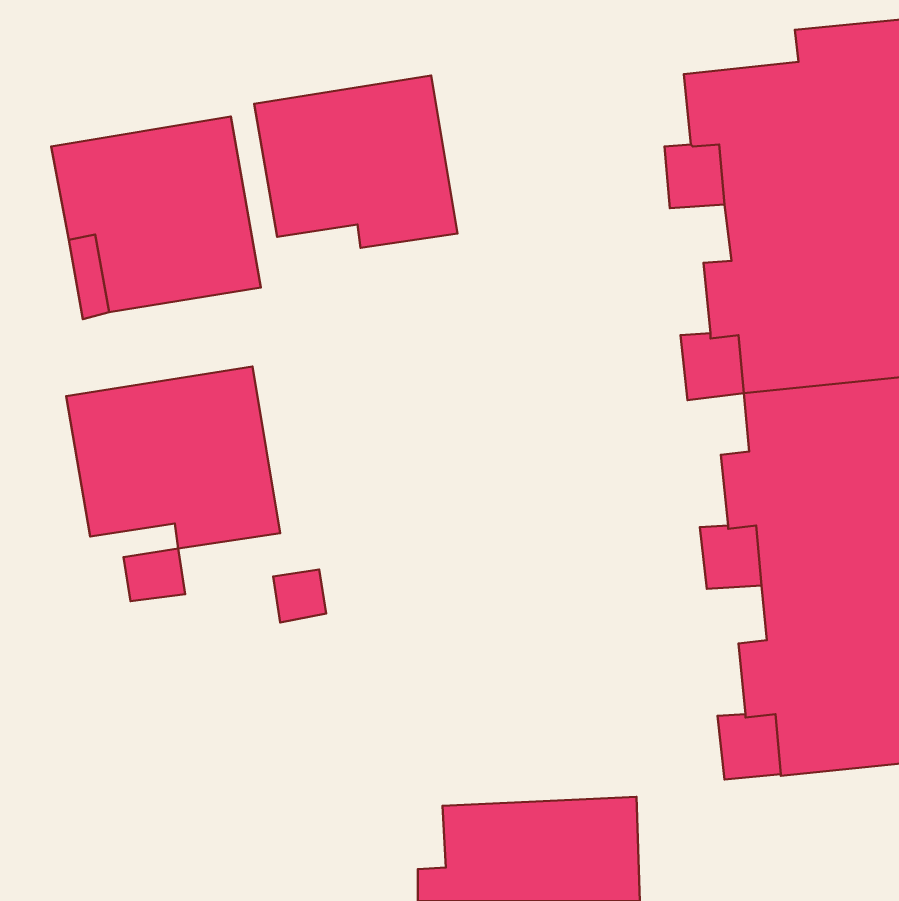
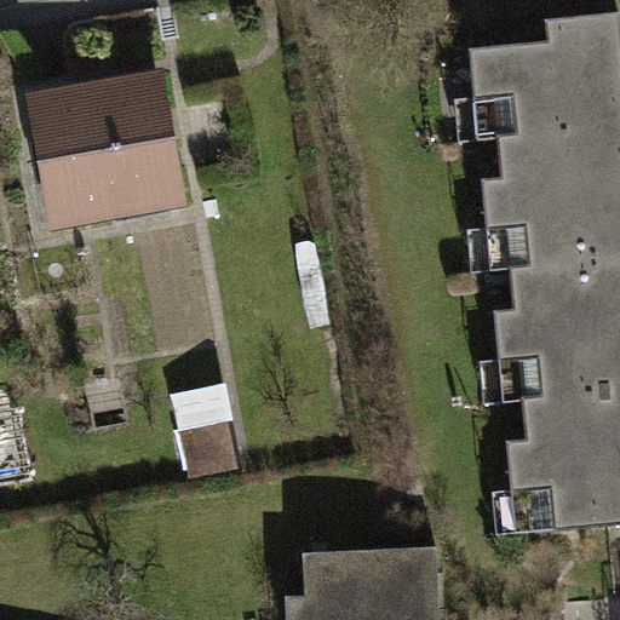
building: [254,76,457,248] -> none
building: [66,367,280,548] -> none

